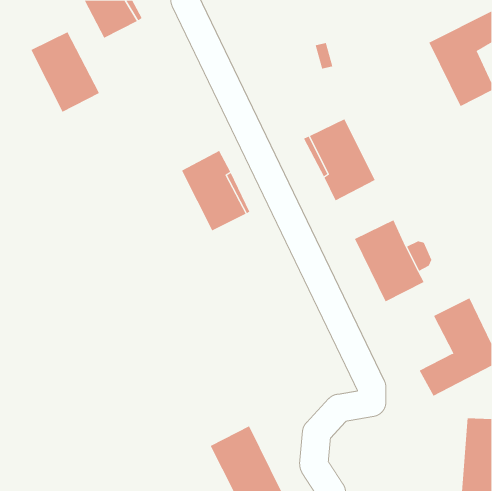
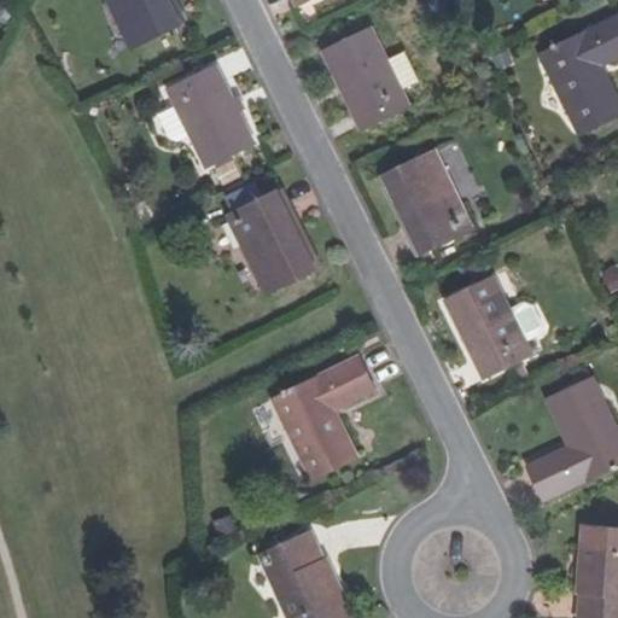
building: none -> [322,28,409,130]
building: [30,32,100,113] -> [167,66,253,168]
building: none -> [272,357,374,480]

